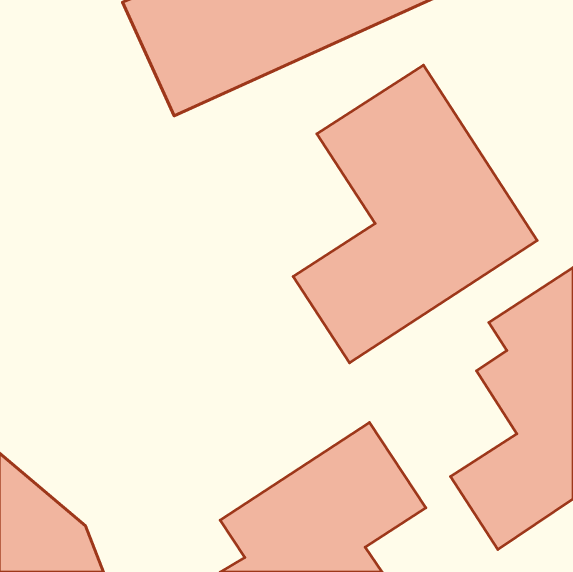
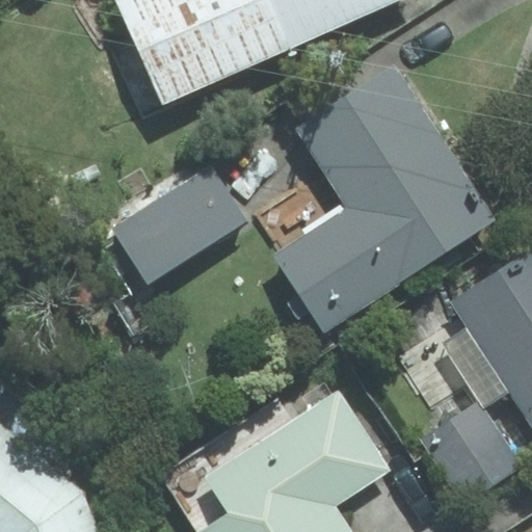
building: none -> [110,161,248,285]

